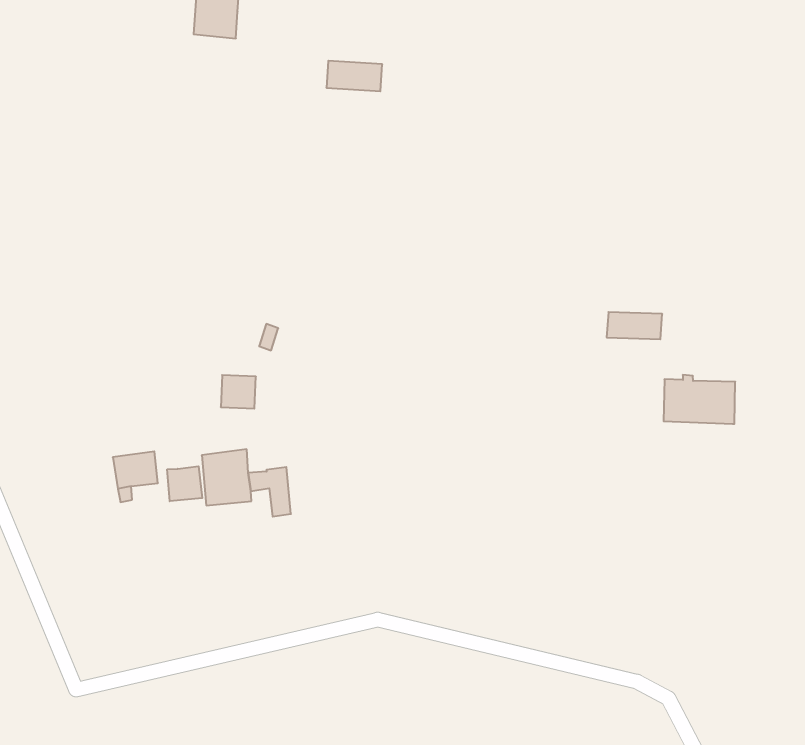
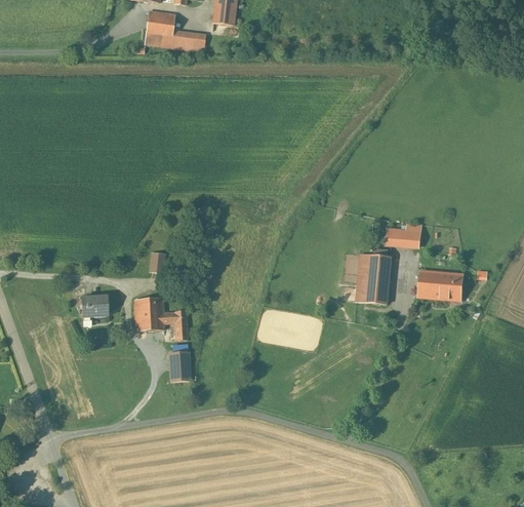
building: [326,61,382,91] -> [170,30,205,50]
building: none -> [355,252,391,304]
building: [167,466,202,501] -> none
building: none -> [168,351,189,381]

